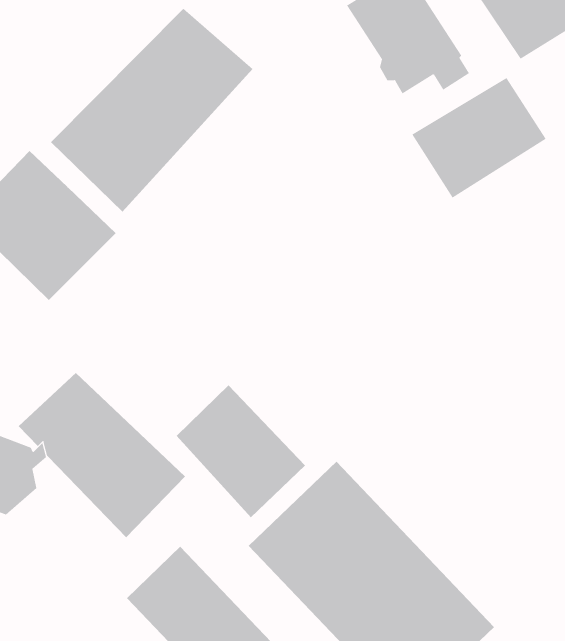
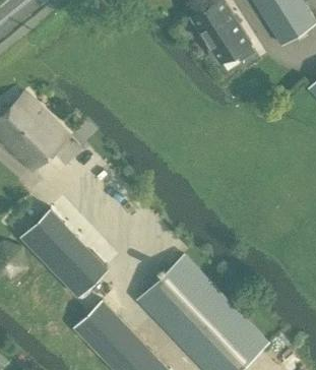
building: [50,8,254,213] -> none
building: [411,77,547,199] -> none
building: [176,384,306,518] -> none

